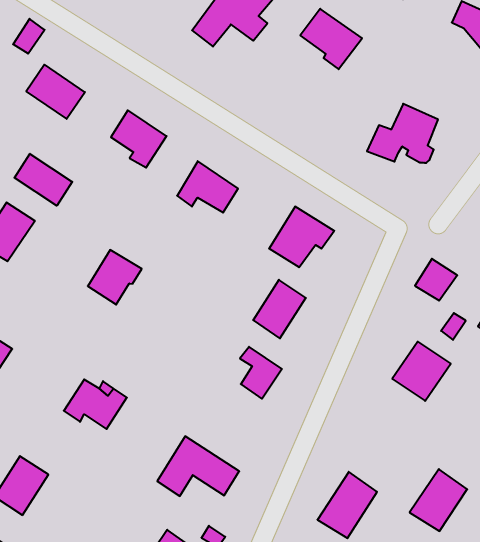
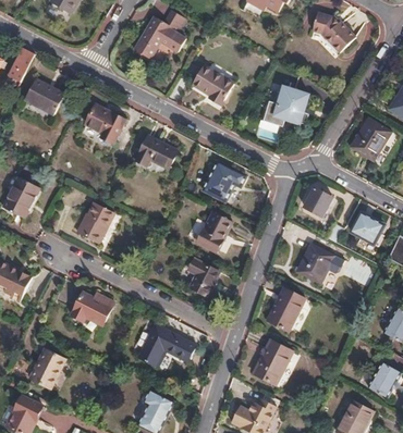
building: [300,9,362,69] -> [191,65,233,106]
building: [14,154,72,206] -> none
building: [410,469,467,531] -> [265,289,303,332]

